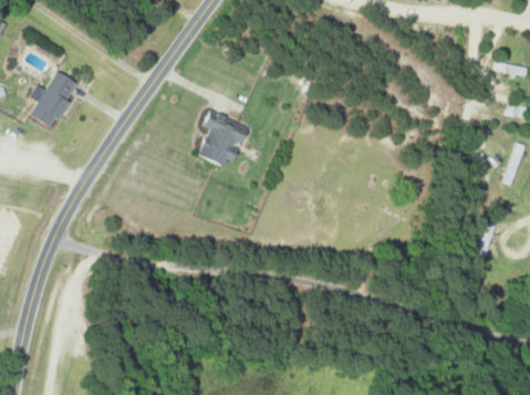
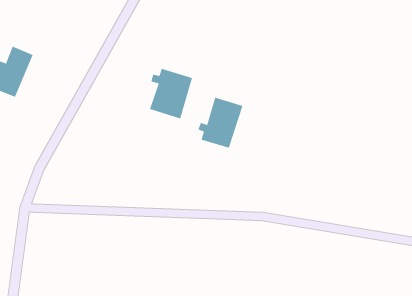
building: none -> [198,97,243,149]

